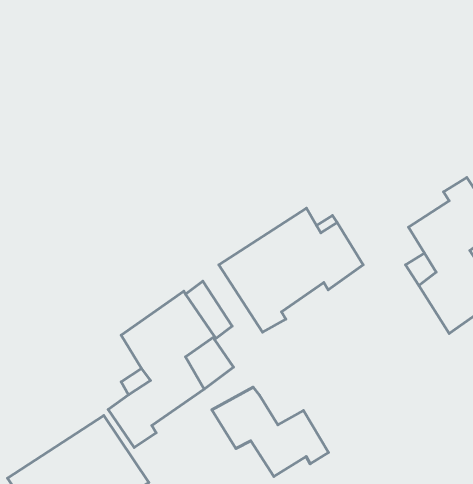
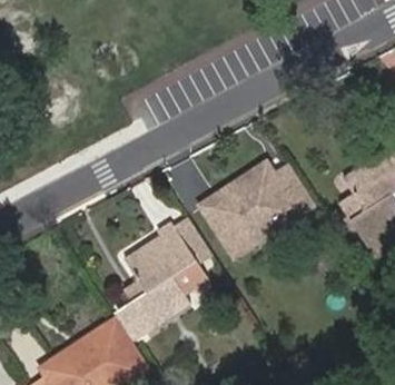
building: [212,387,328,476] -> none

